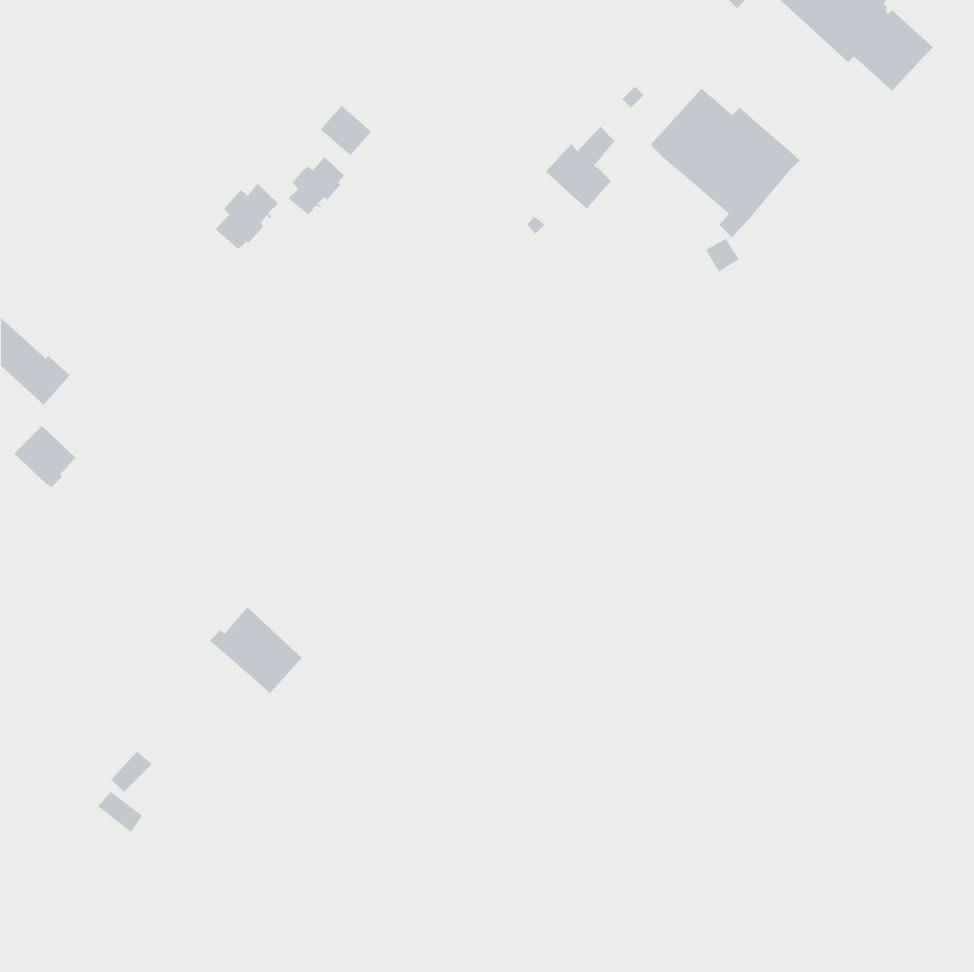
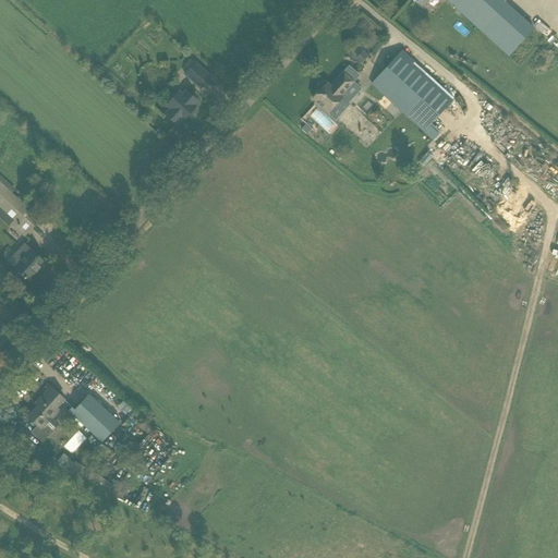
building: [215,183,279,250] -> none
building: [209,606,303,694] -> [68,392,121,442]
building: none -> [28,386,63,441]

